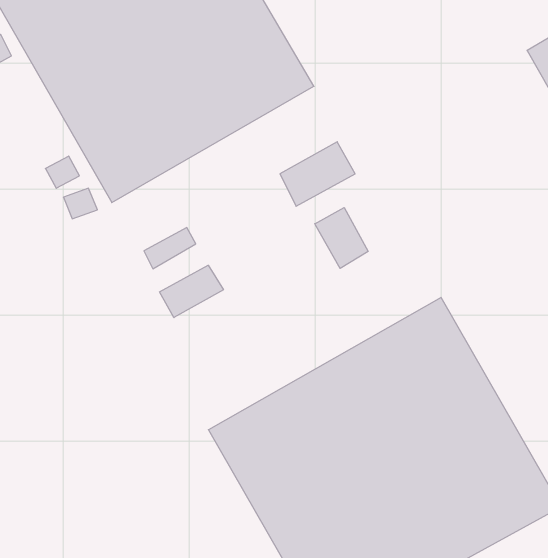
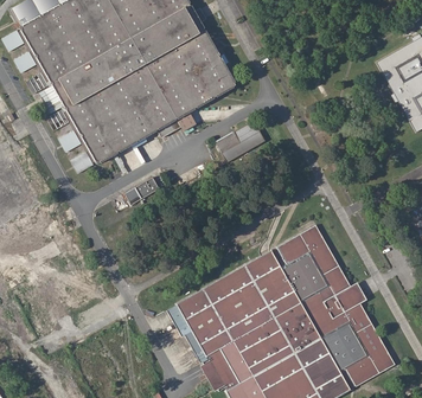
building: [315,208,368,268] -> none
building: [160,265,223,318] -> none

